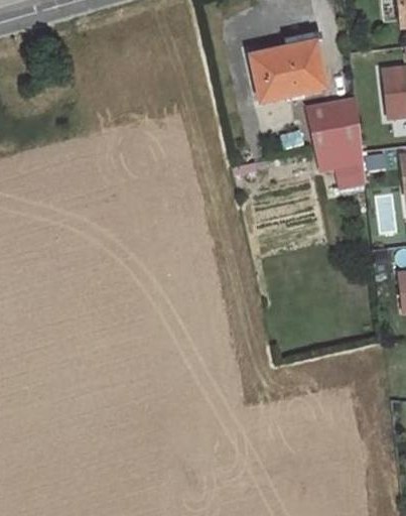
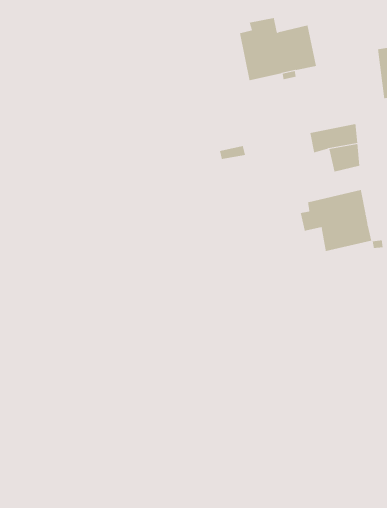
building: [307,99,361,149] -> none
building: none -> [300,189,372,252]

